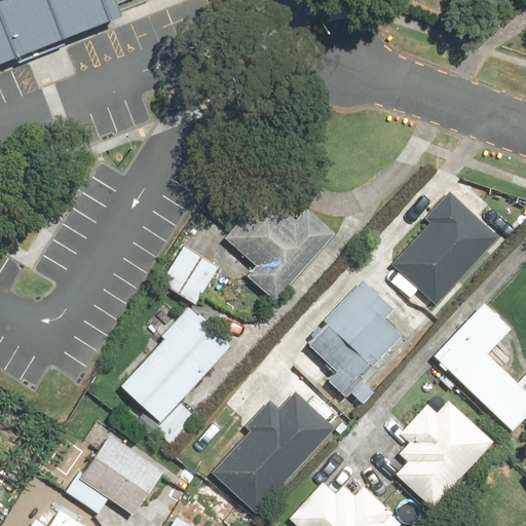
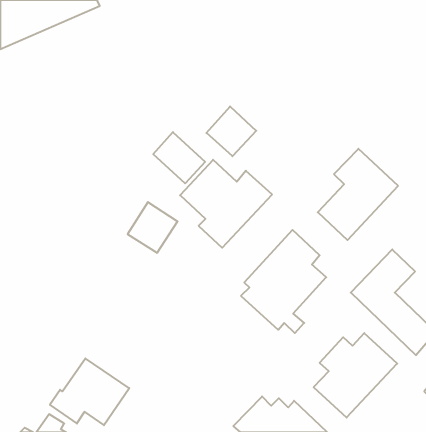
building: none -> [206,106,256,156]
building: none -> [153,132,205,183]
building: [118,309,234,447] -> none
building: [208,381,331,509] -> none

